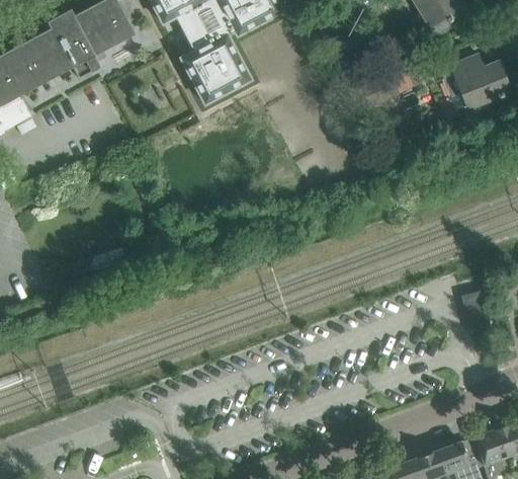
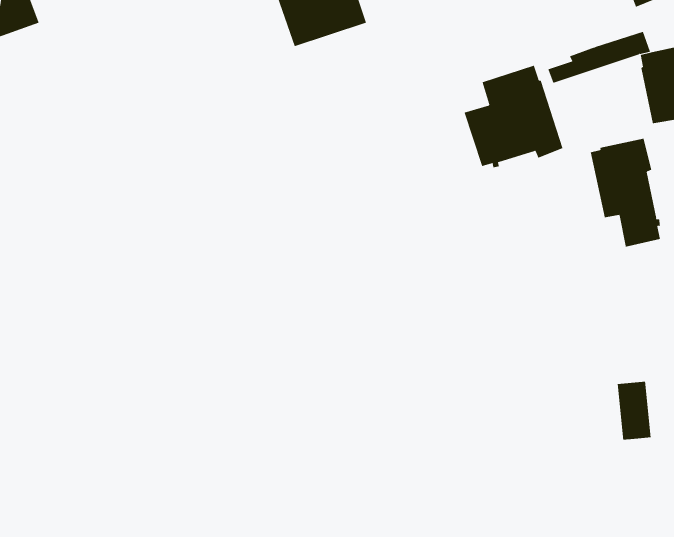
building: none -> [464,65,563,168]
building: none -> [590,138,660,247]

